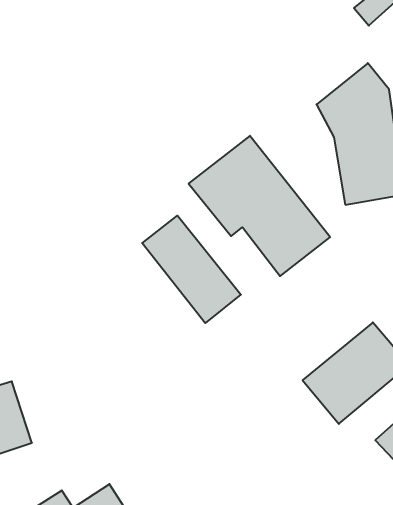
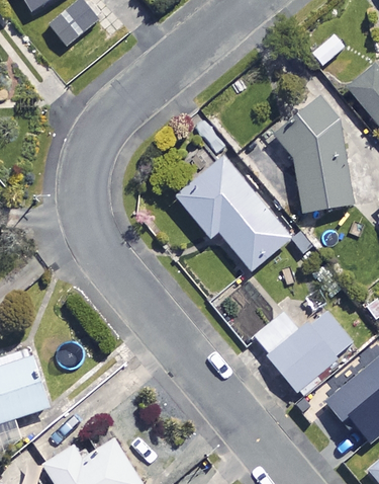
building: [142,216,241,323] -> none

